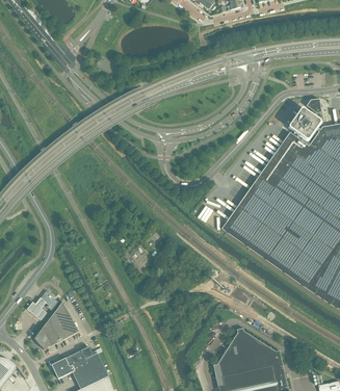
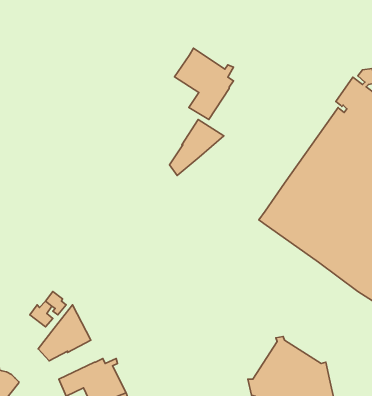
building: none -> [175,48,234,120]
building: none -> [170,120,224,175]

